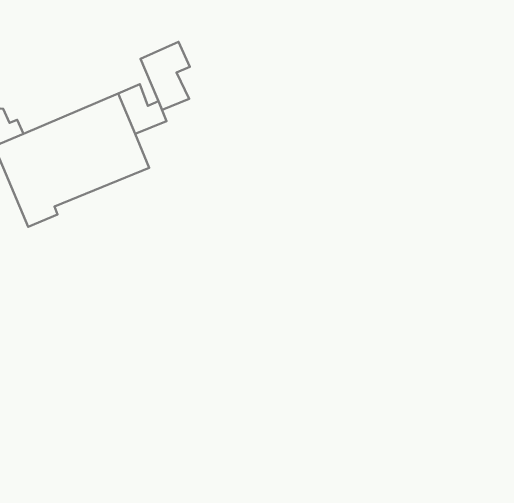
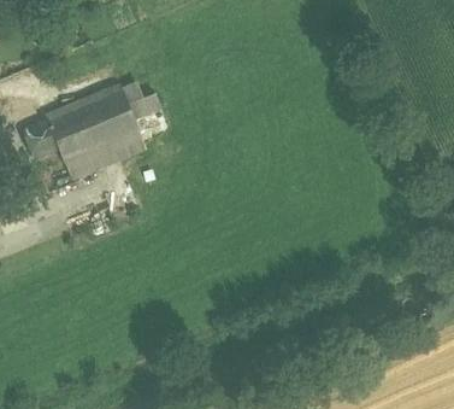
building: [141,42,190,110] -> none

